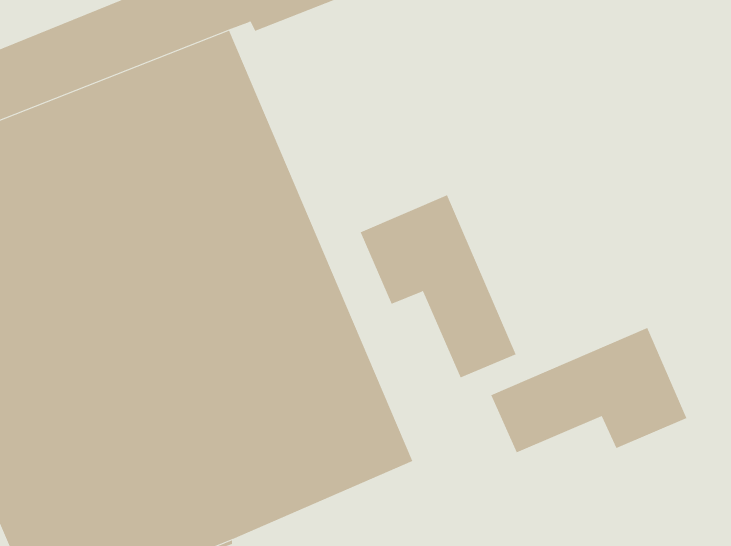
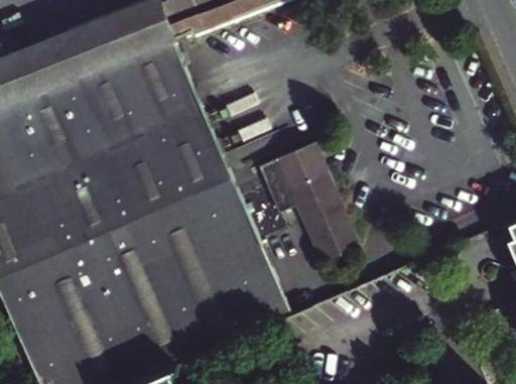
building: [490,327,687,453] -> none

